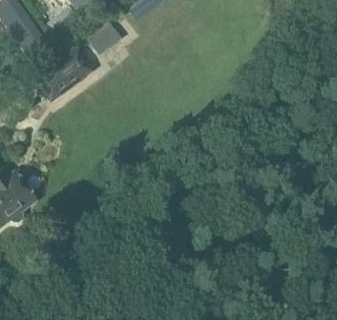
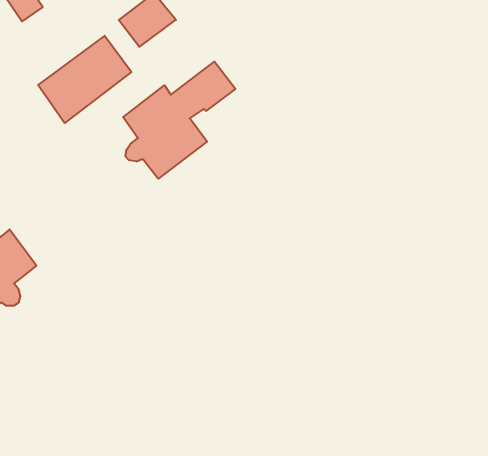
building: none -> [123,62,235,179]

